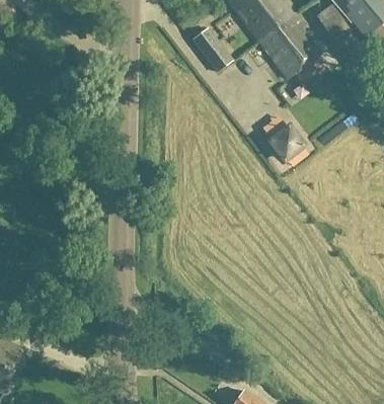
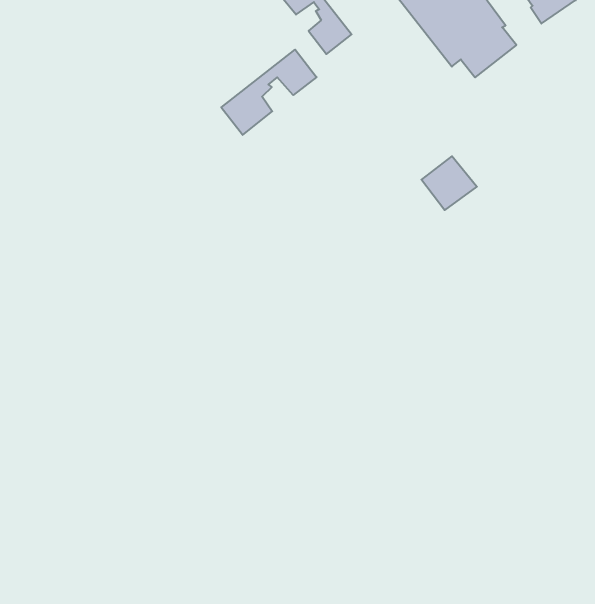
building: none -> [221,50,317,135]

